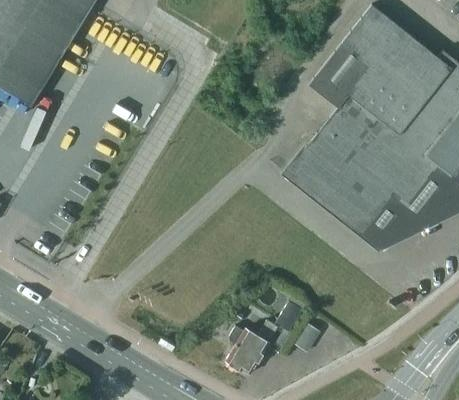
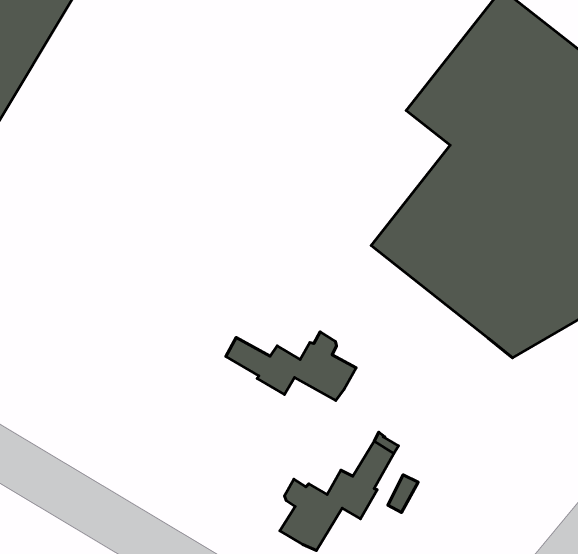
building: none -> [226,332,356,400]

